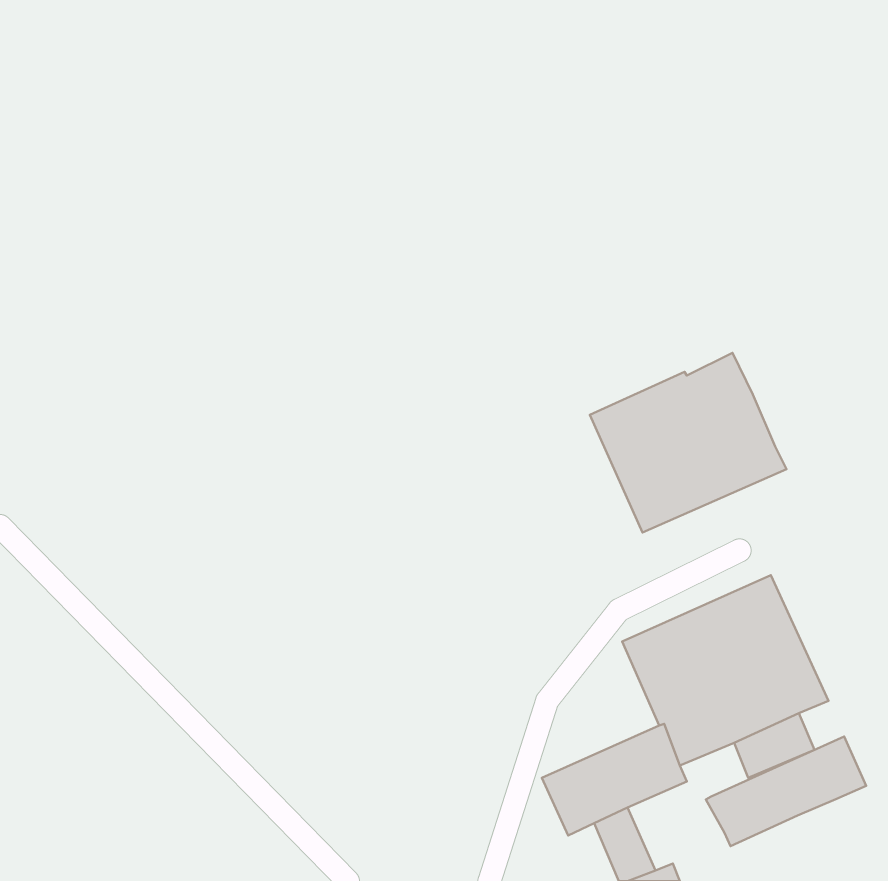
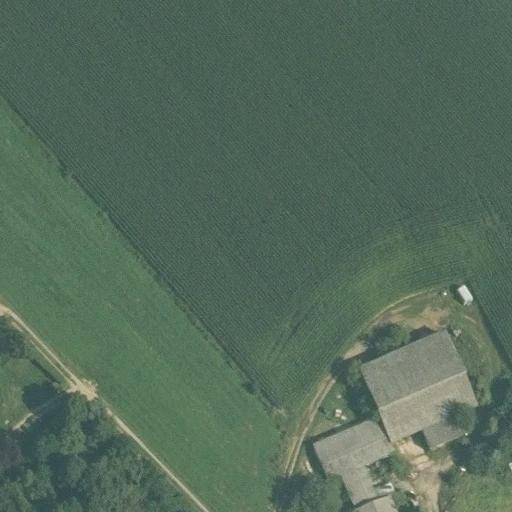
building: [590,353,787,532] -> none
building: [706,737,866,846] -> none

